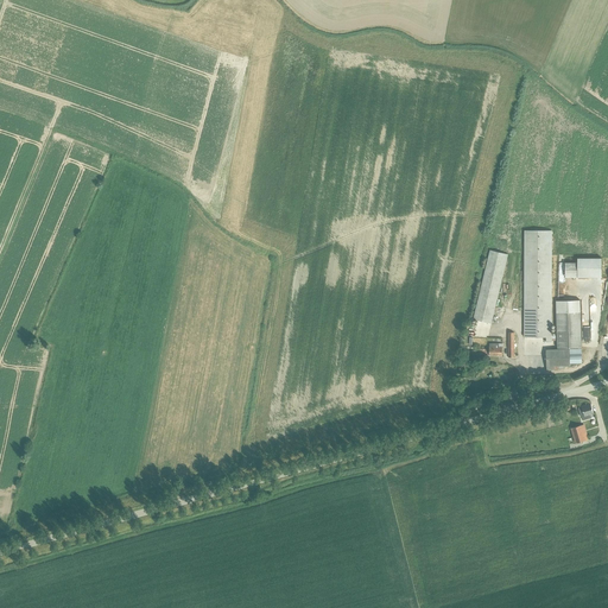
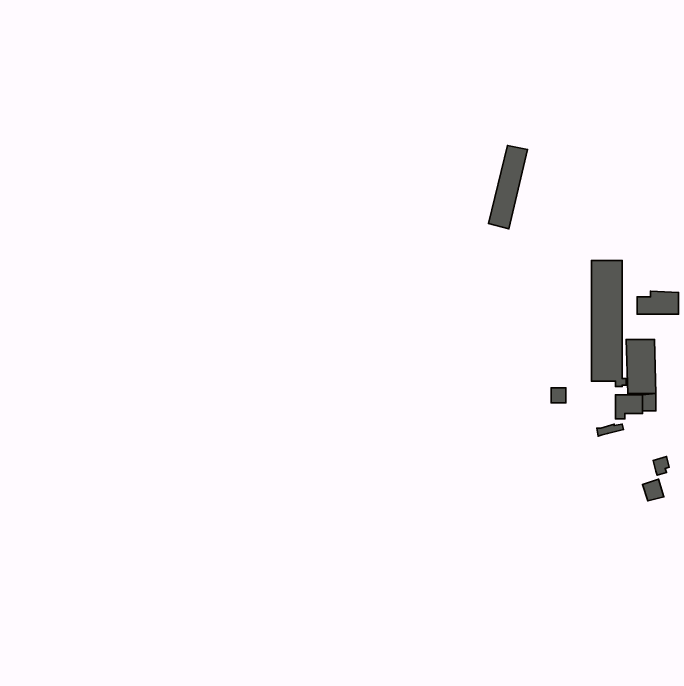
building: [473,251,507,324] -> [489,146,527,229]

